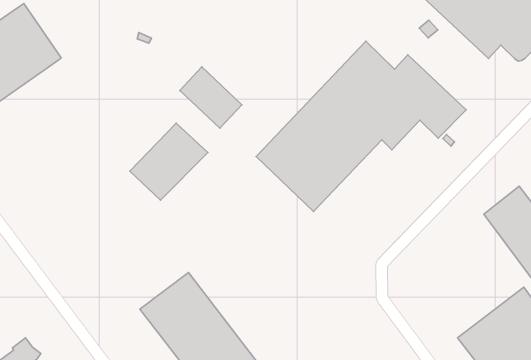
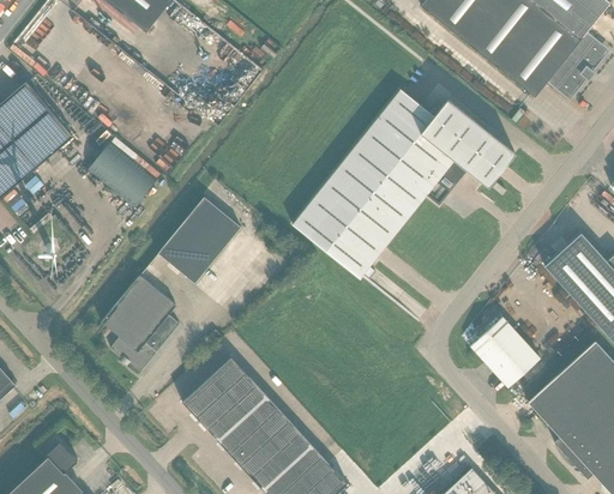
building: [180,67,242,128] -> [88,143,156,207]
building: none -> [101,276,180,370]
building: none -> [470,318,541,388]

